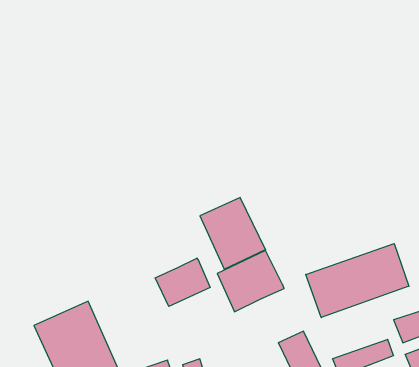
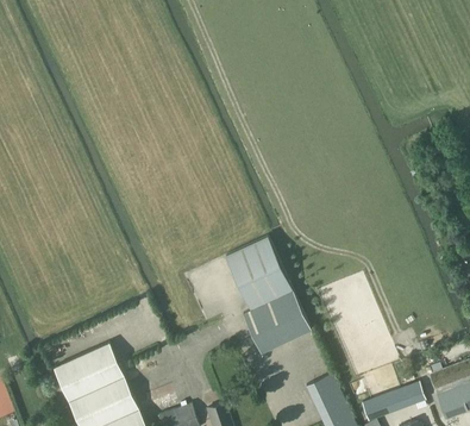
building: [306,244,409,318] -> none
building: [155,258,210,306] -> none

